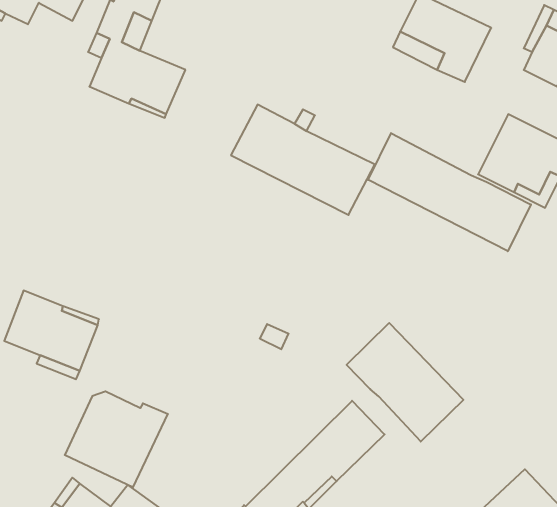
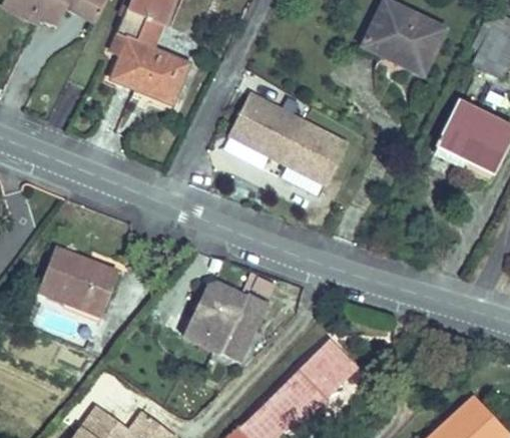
building: [368,133,531,251] -> none
building: [347,323,463,442] -> none
building: [65,391,168,487] -> [183,281,270,361]

